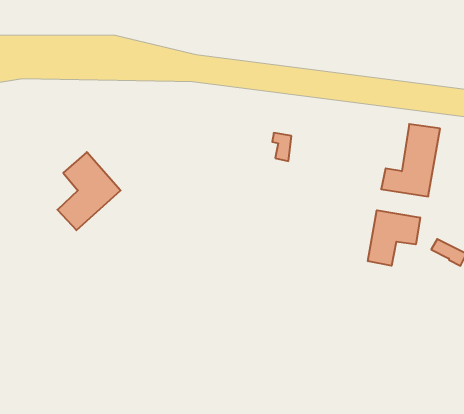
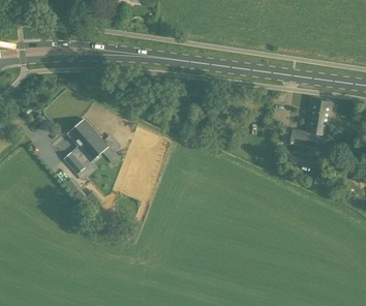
building: [368,210,420,266] -> none

